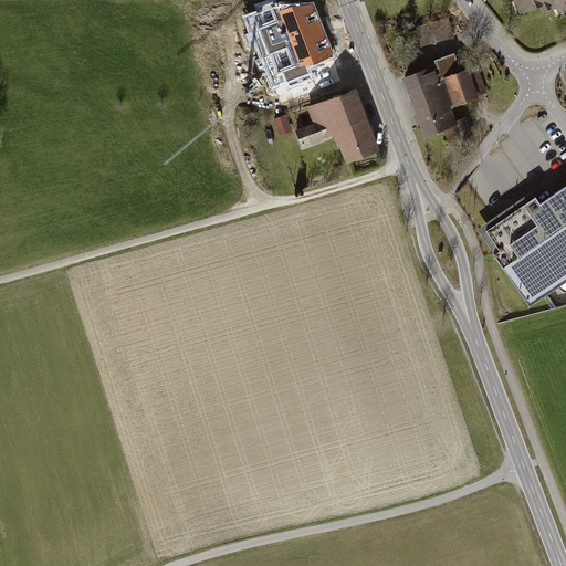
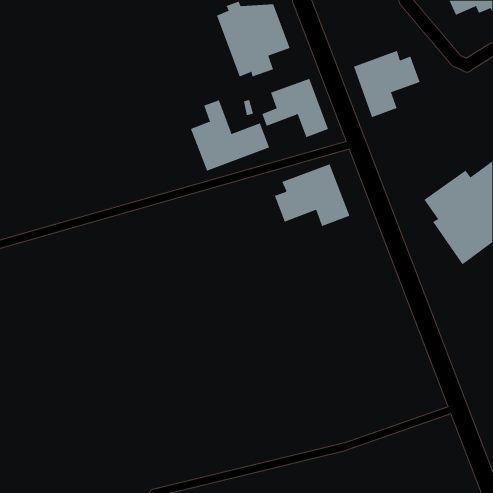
building: none -> [190,100,270,171]
building: none -> [274,163,350,227]

